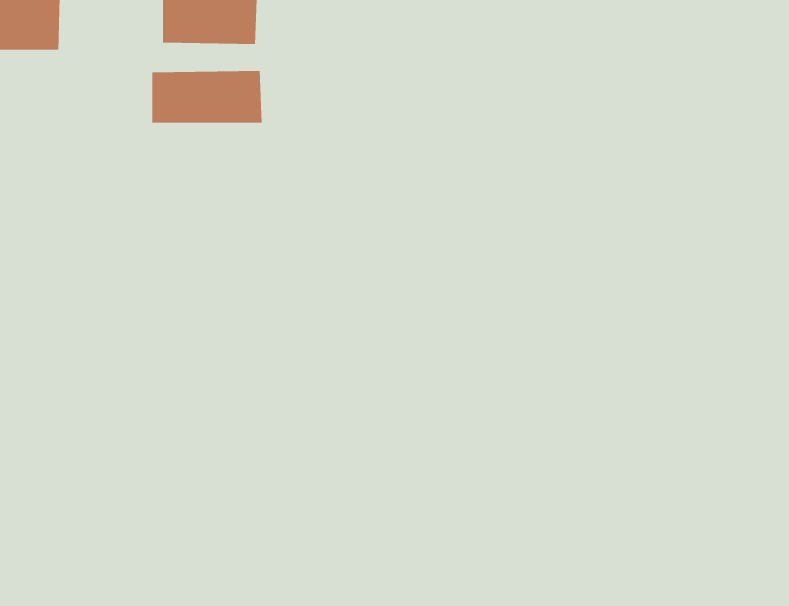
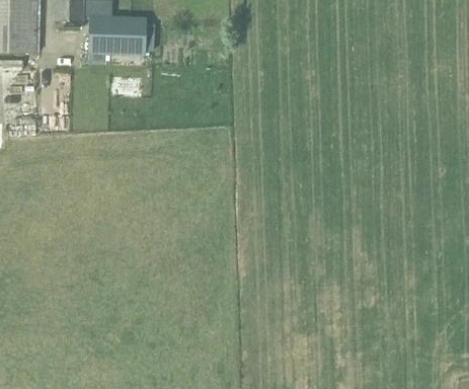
building: [152,70,262,124] -> none

